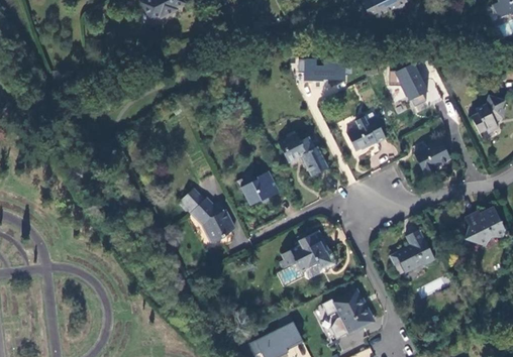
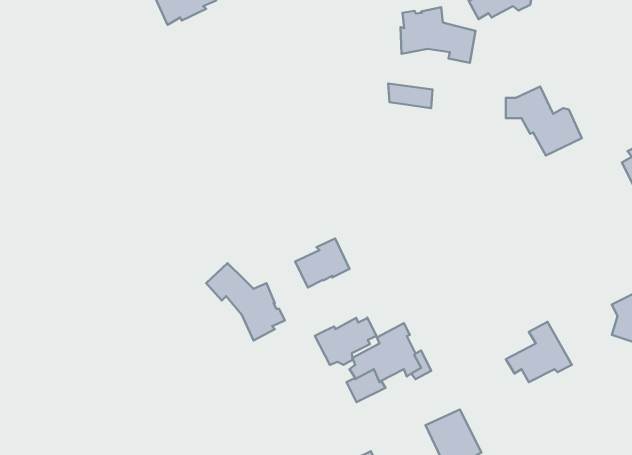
building: none -> [400,7,476,63]
building: [346,117,385,151] -> none
building: [278,135,327,176] -> none
building: [414,140,449,173] -> none
building: none -> [315,318,376,365]

